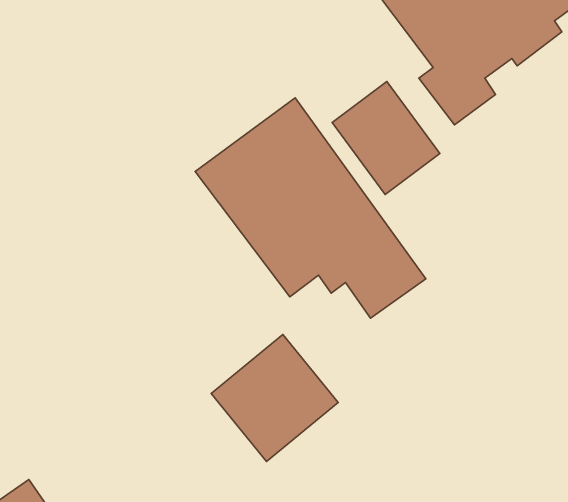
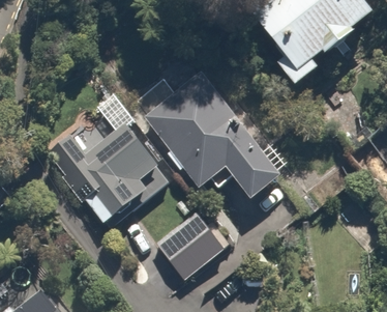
building: [332,81,440,194] -> none
building: none -> [47,100,169,218]

